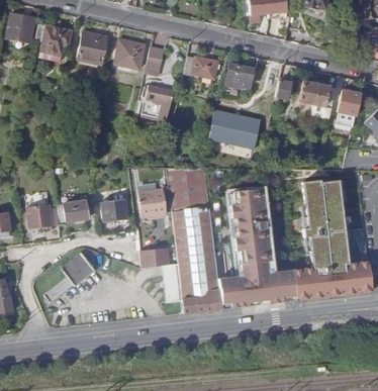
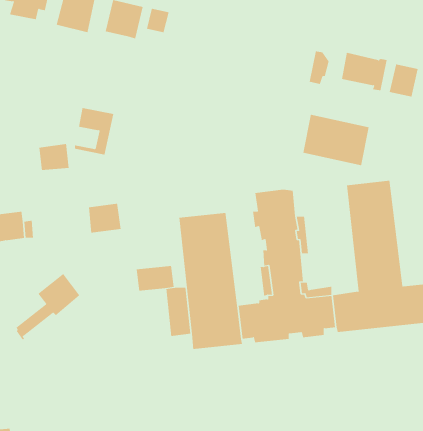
building: [183,56,217,79] -> none
building: [224,64,252,88] -> none
building: [141,84,173,121] -> [74,107,114,155]
building: [208,105,261,145] -> [302,114,370,166]
building: [167,168,209,209] -> none
building: [138,189,167,217] -> none
building: [63,200,87,221] -> [39,143,70,171]

